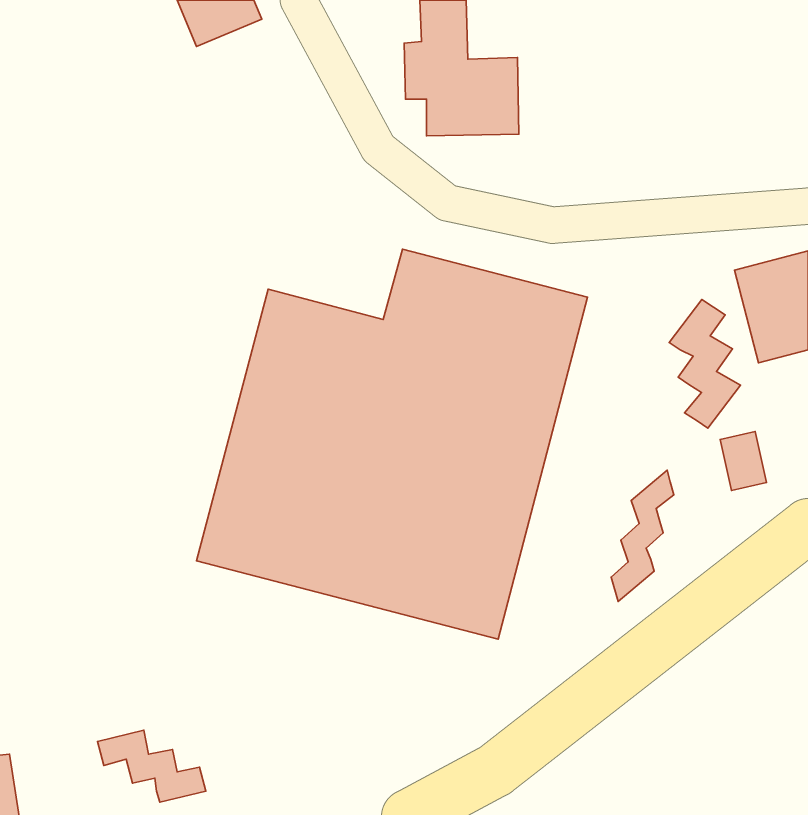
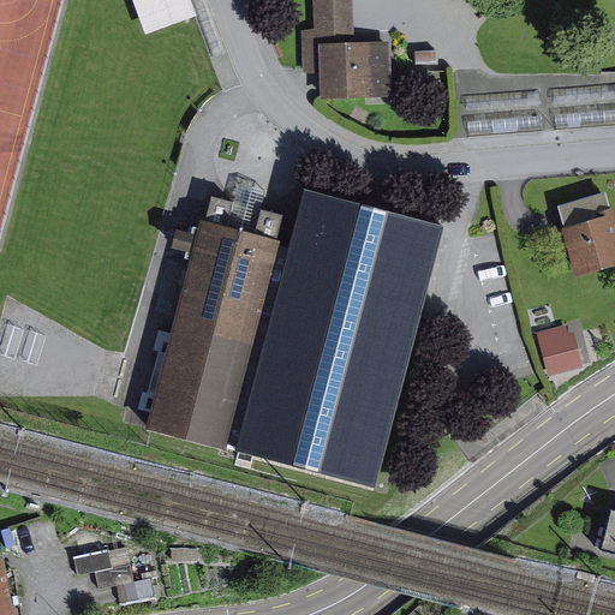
building: [669,299,741,428] -> none
building: [611,470,674,601] -> none

